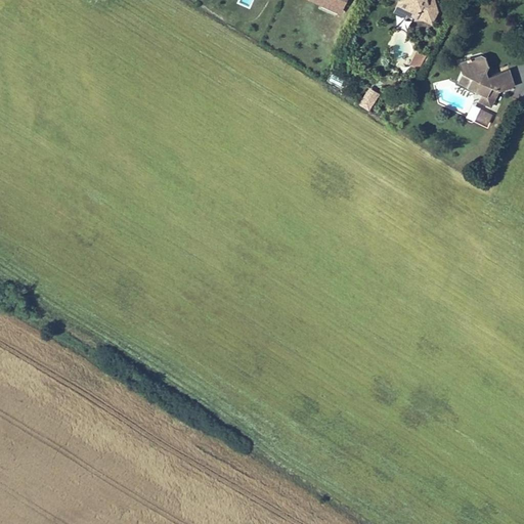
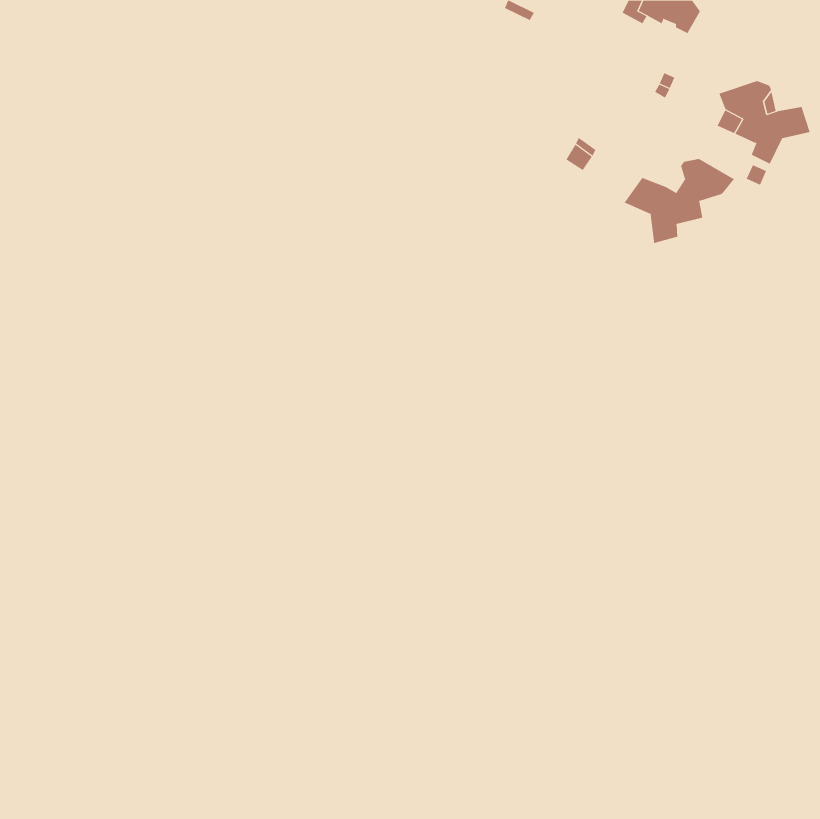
building: none -> [624,158,735,244]

